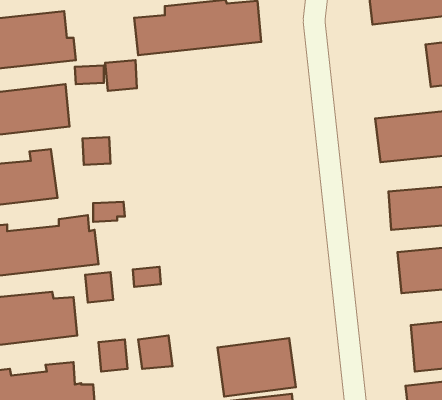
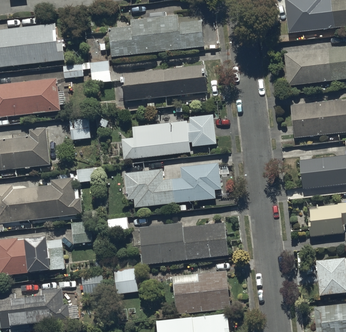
building: none -> [284,48,332,85]
building: none -> [117,64,207,100]
building: none -> [121,112,216,159]
building: none -> [124,163,221,206]
building: none -> [139,222,228,264]

